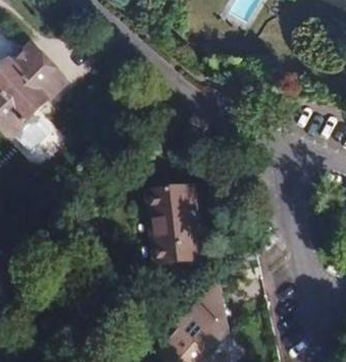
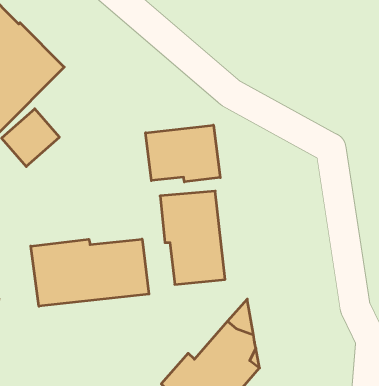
building: none -> [146,125,220,182]
building: none -> [31,239,149,306]

